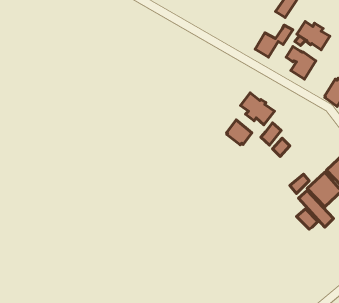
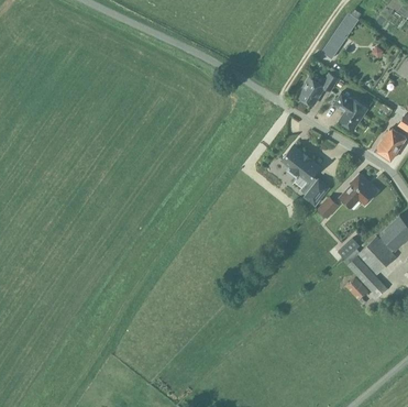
building: [297,21,330,50] -> none
building: none -> [339,173,377,208]
building: [227,120,252,145] -> none

